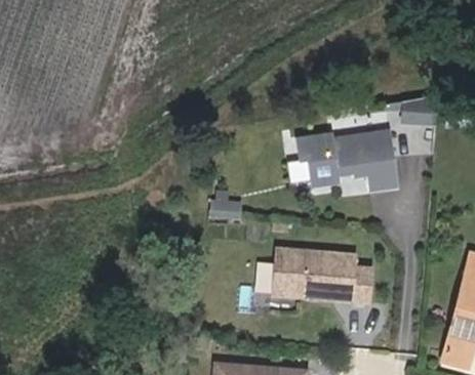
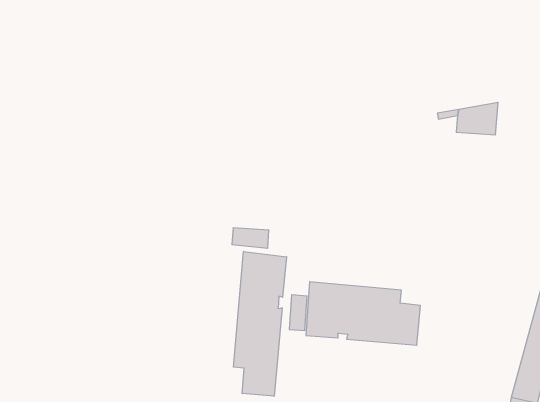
building: [301,131,395,187] -> none
building: none -> [234,251,287,396]

